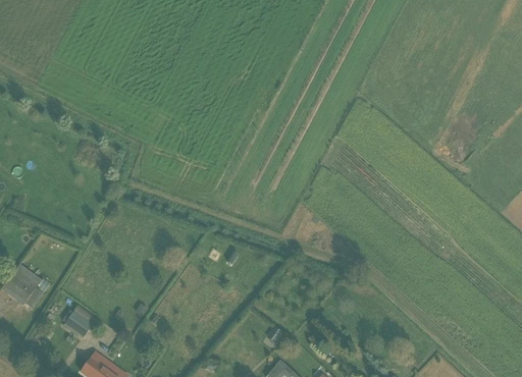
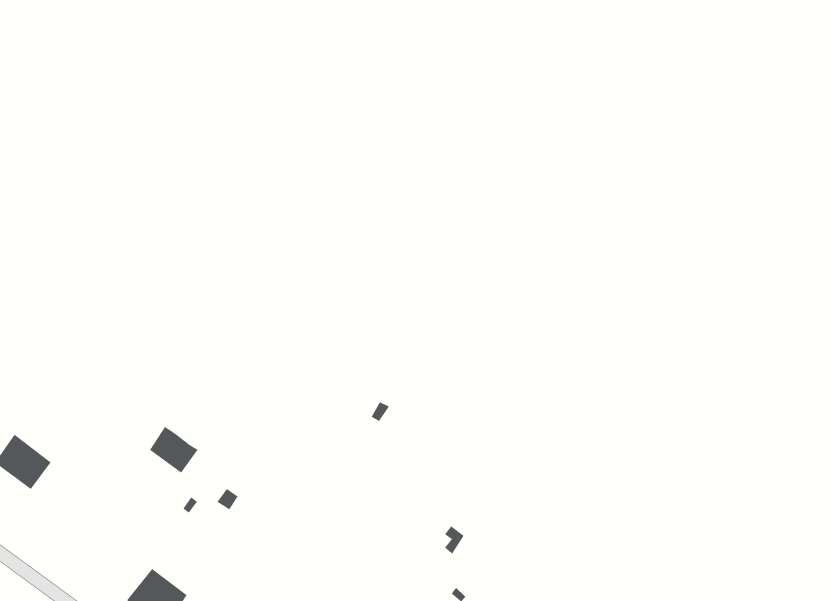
building: [64,309,94,337] -> [149,426,199,474]

